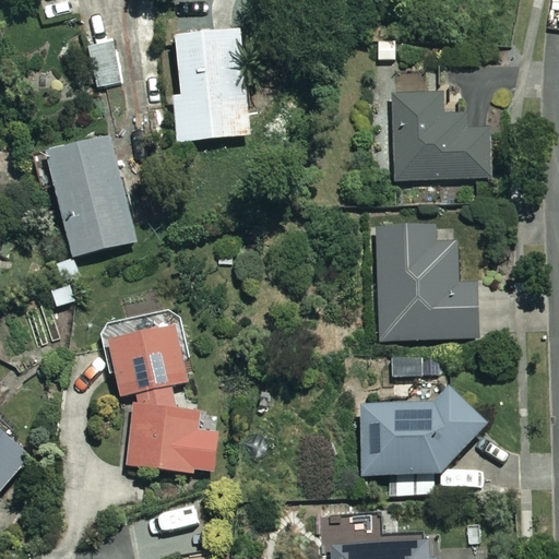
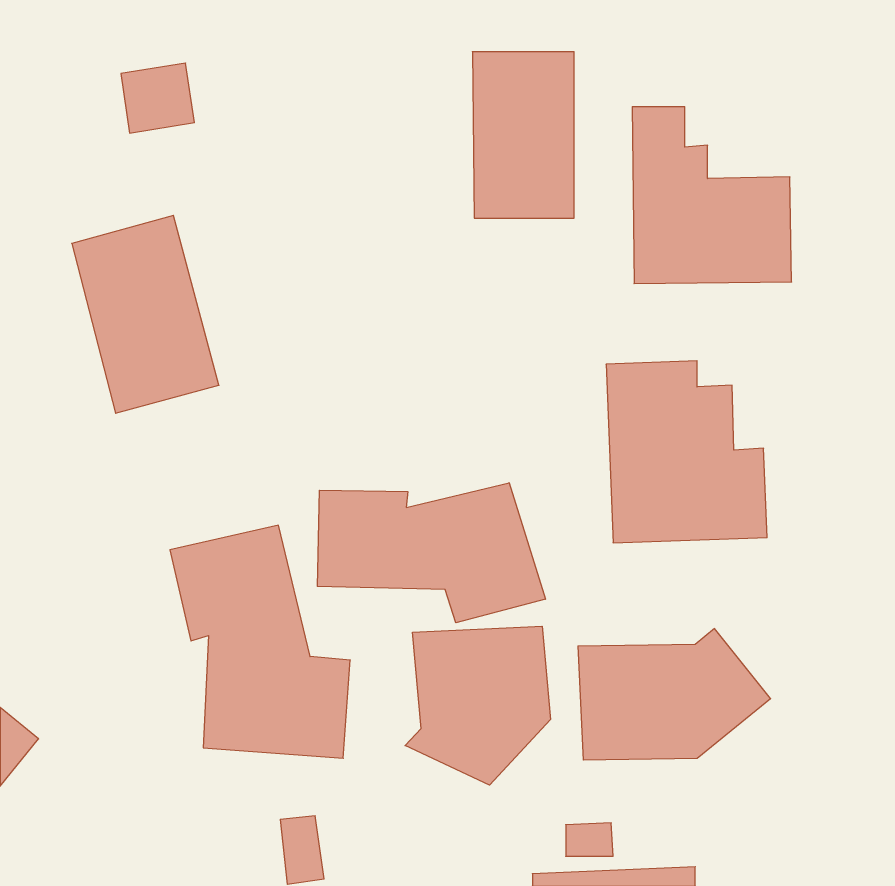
building: [176,35,239,139] -> [472,52,574,218]
building: none -> [317,483,545,623]
building: none -> [405,626,550,785]

